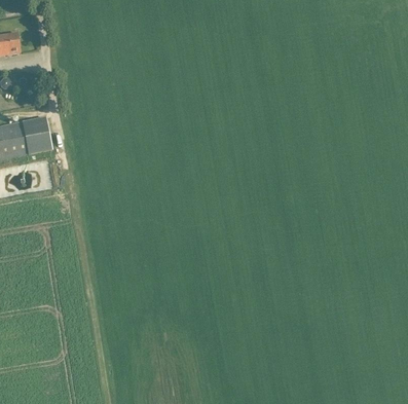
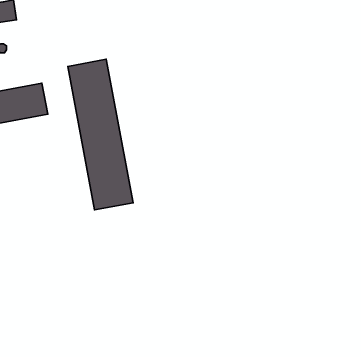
building: none -> [68,59,133,210]

